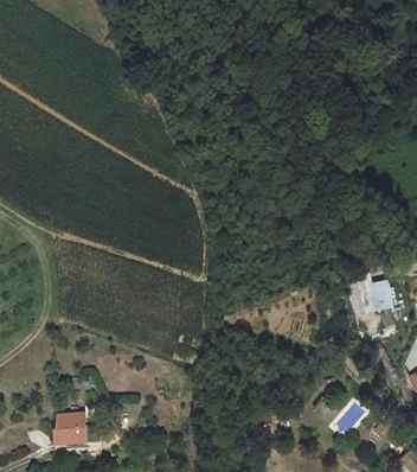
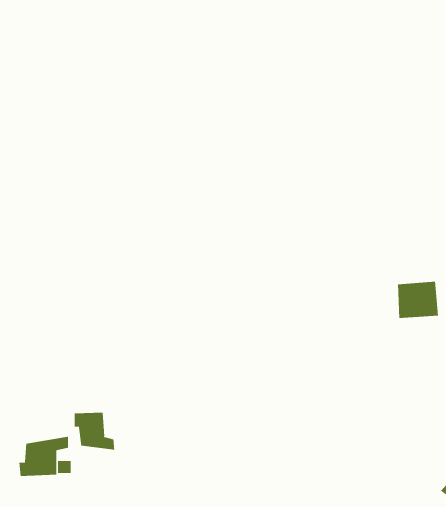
building: none -> [74,412,115,450]

